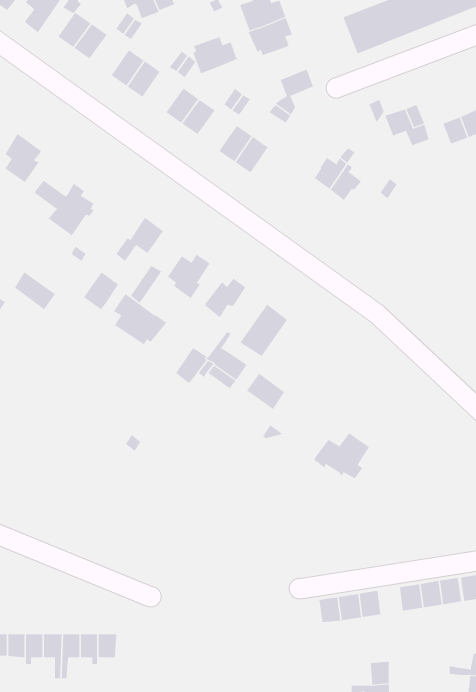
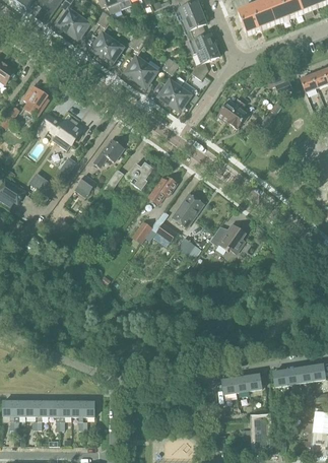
building: [192,37,238,74] -> [187,29,215,53]
building: [113,293,167,345] -> none
building: [313,433,370,479] -> [210,222,246,252]

